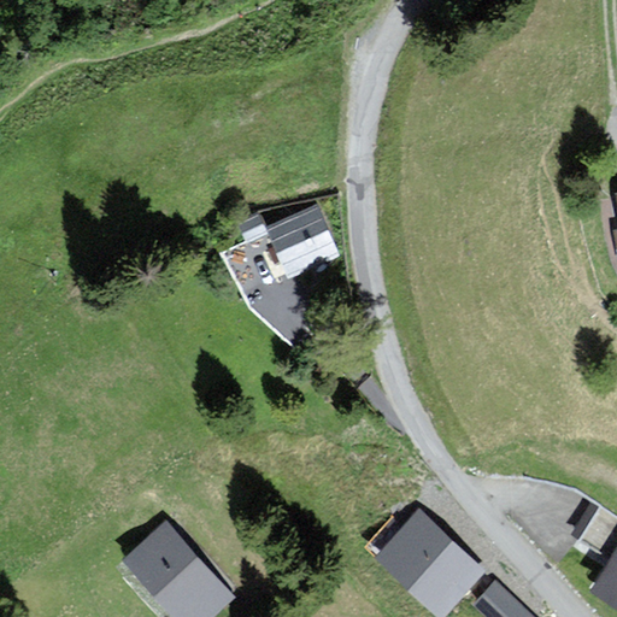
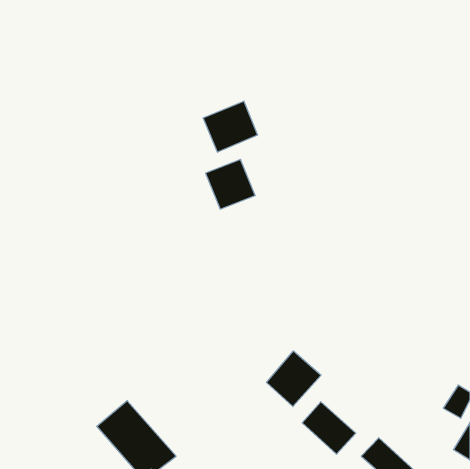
building: none -> [203,101,257,152]
building: none -> [267,351,321,407]

